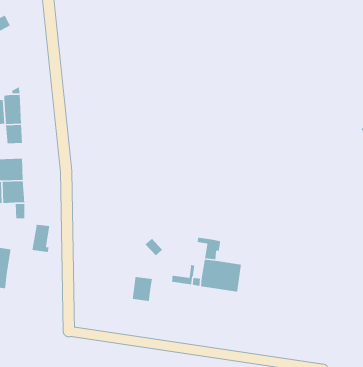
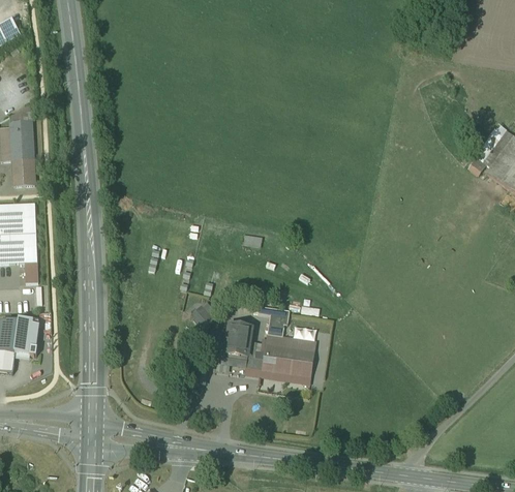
building: [32,224,50,253] -> [14,318,38,356]
building: [132,276,153,302] -> [224,324,251,357]

